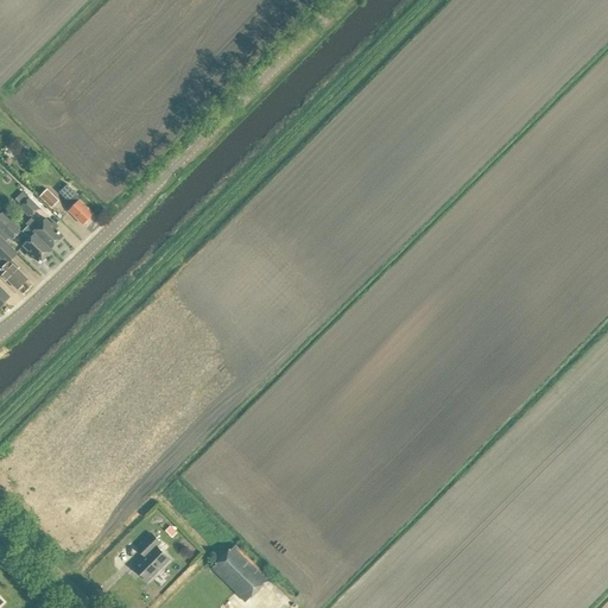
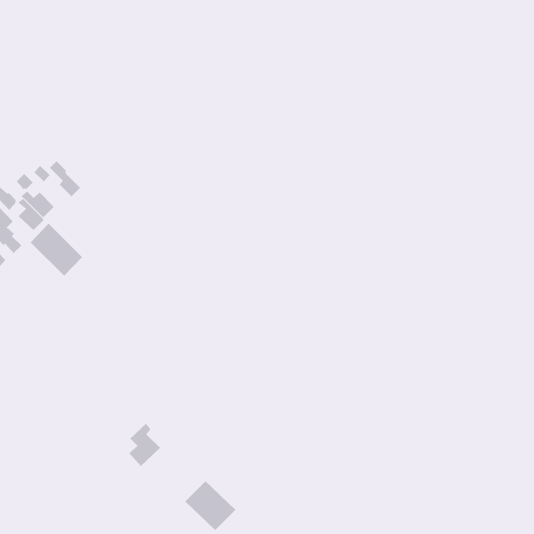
building: none -> [30,223,83,277]
building: [131,532,167,582] -> [128,423,161,467]

